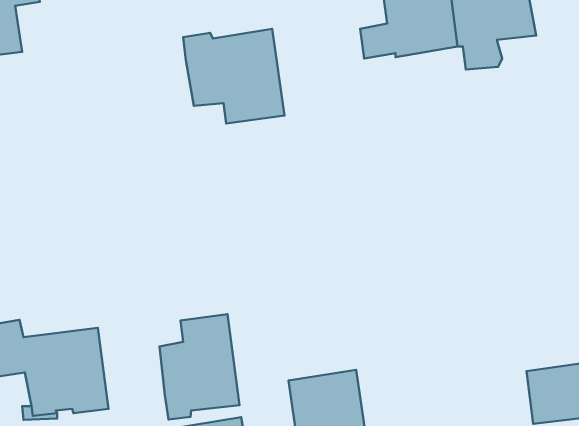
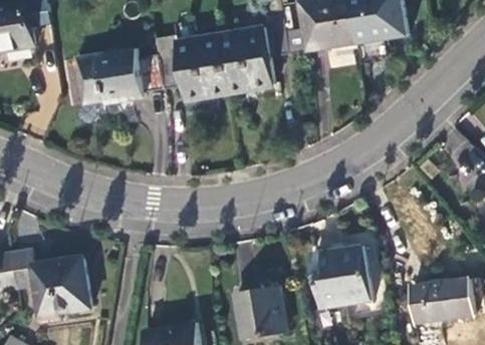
building: none -> [218,18,286,96]
building: none -> [73,47,160,106]
building: [160,314,240,419] -> none
building: none -> [311,245,372,310]

